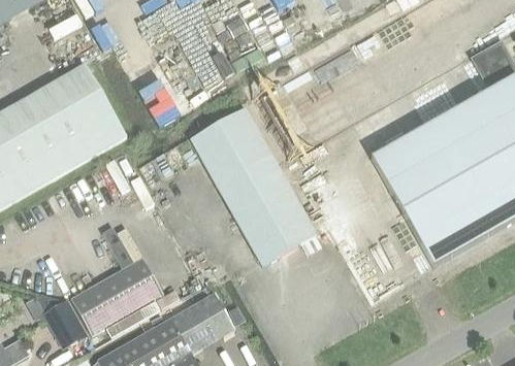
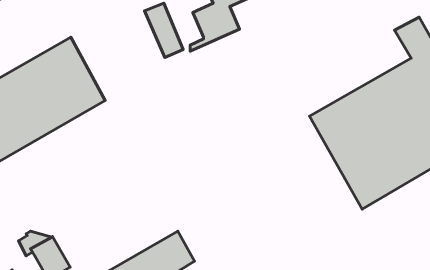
building: [189,107,316,265] -> none
building: [70,257,162,333] -> none

